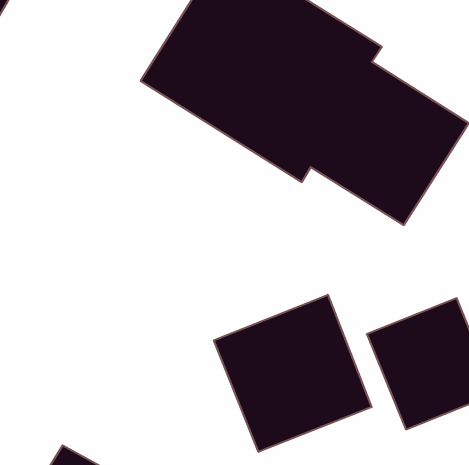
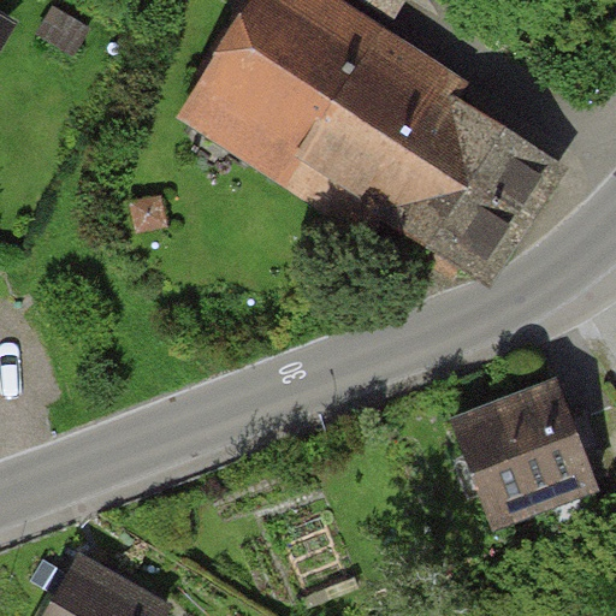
building: [214,295,372,452] -> none

